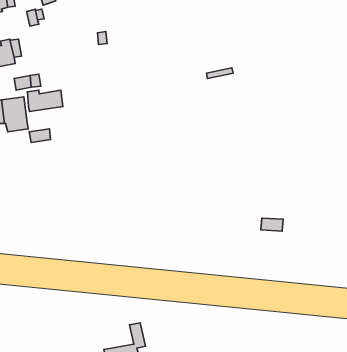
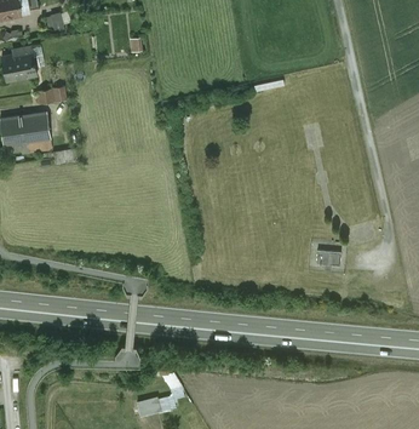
building: [27,90,63,111] -> none

